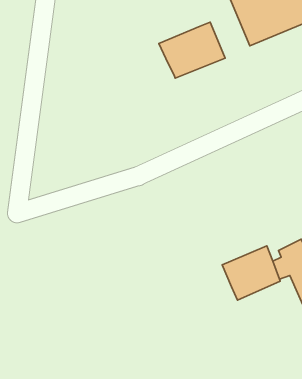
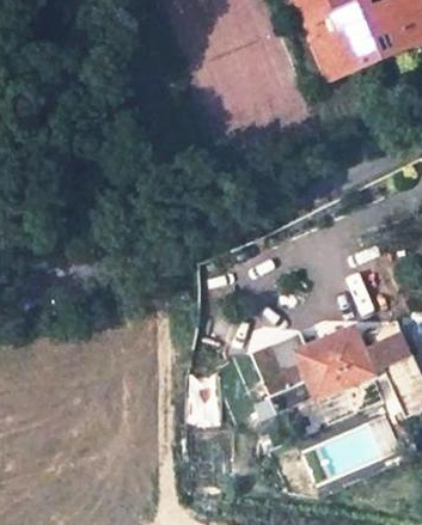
building: [159,22,225,78] -> none
building: none -> [250,330,308,397]

